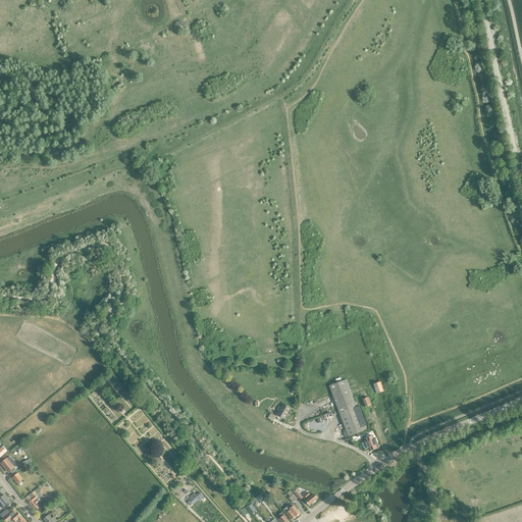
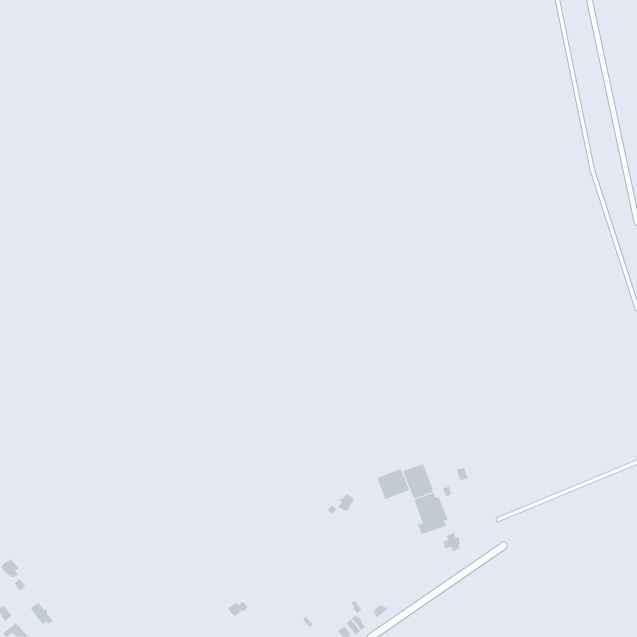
building: none -> [376,469,410,500]

